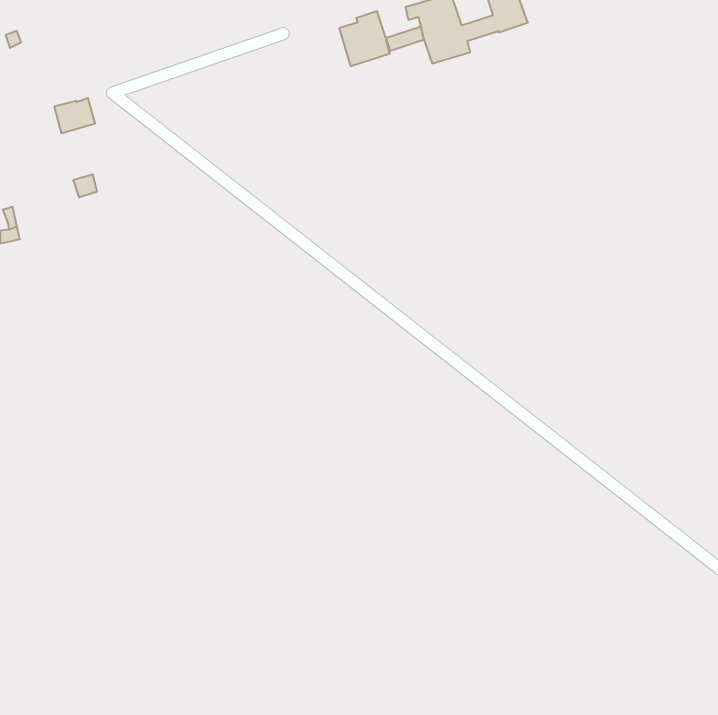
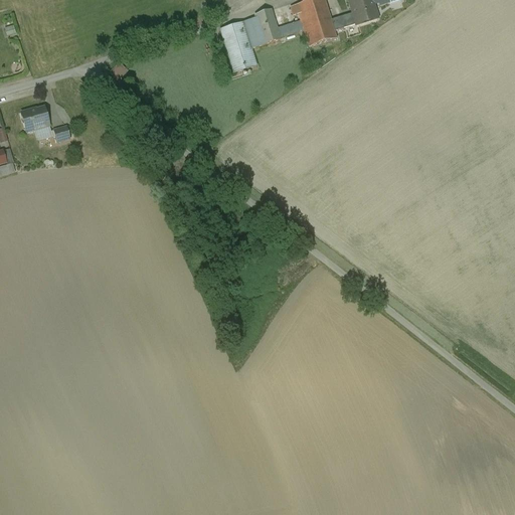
building: none -> [220,20,256,71]
building: [54,98,95,133] -> [21,106,50,131]

